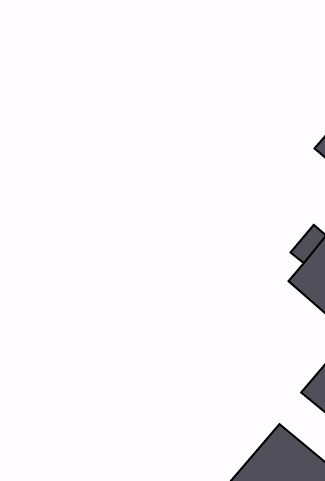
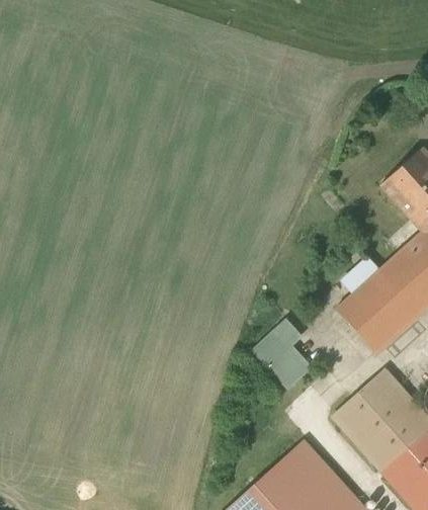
building: none -> [254,333,310,390]

